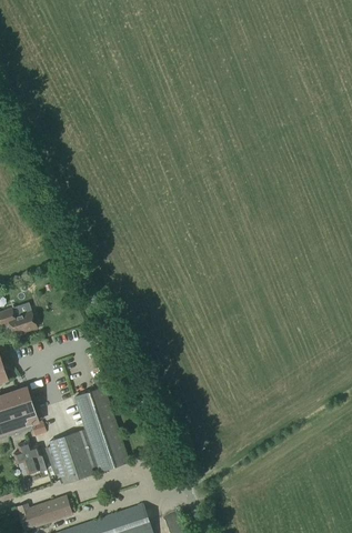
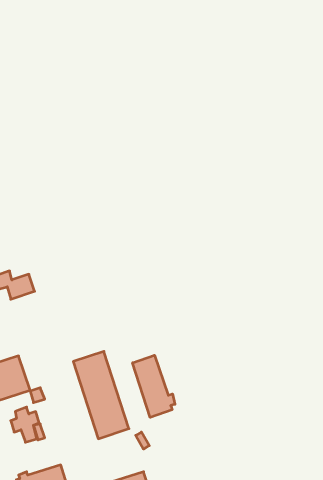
building: none -> [133,355,175,417]
building: [49,432,93,484] -> none

